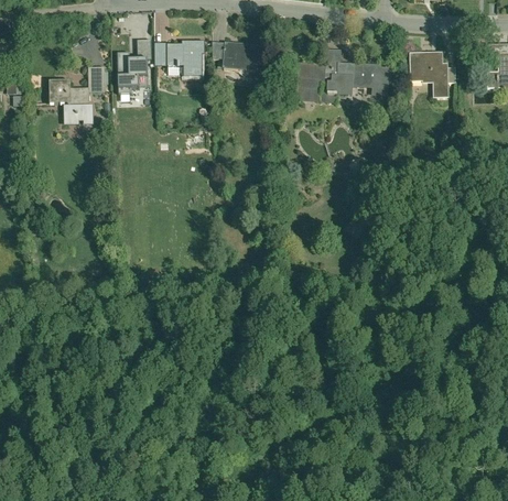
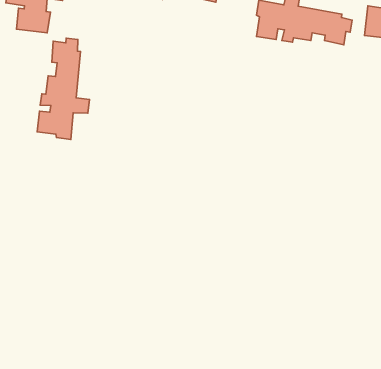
building: none -> [37,38,90,139]

